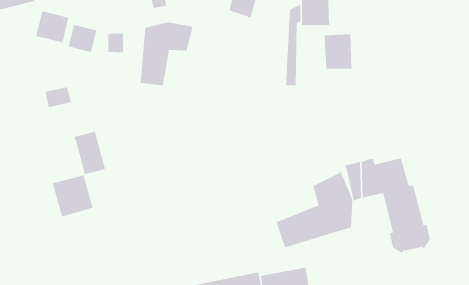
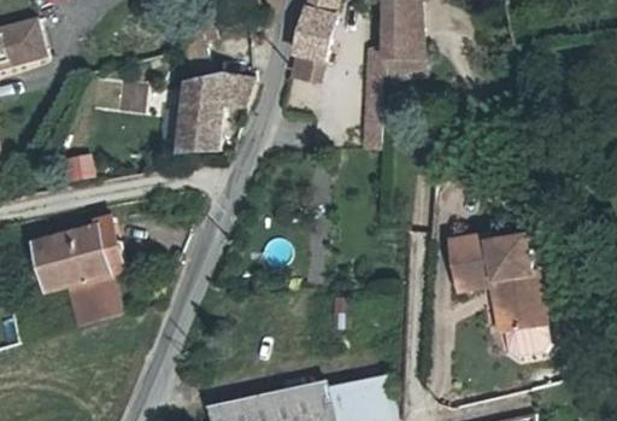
building: [35,10,69,43] -> none
building: [324,33,352,70] -> none
building: none -> [36,221,108,279]
building: [276,171,353,248] -> none

